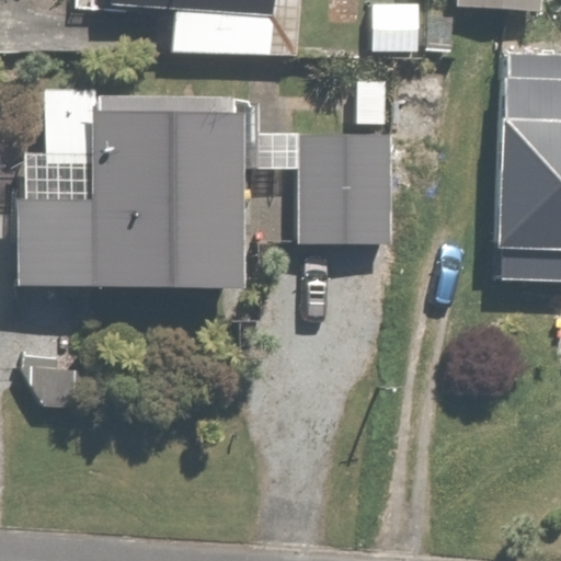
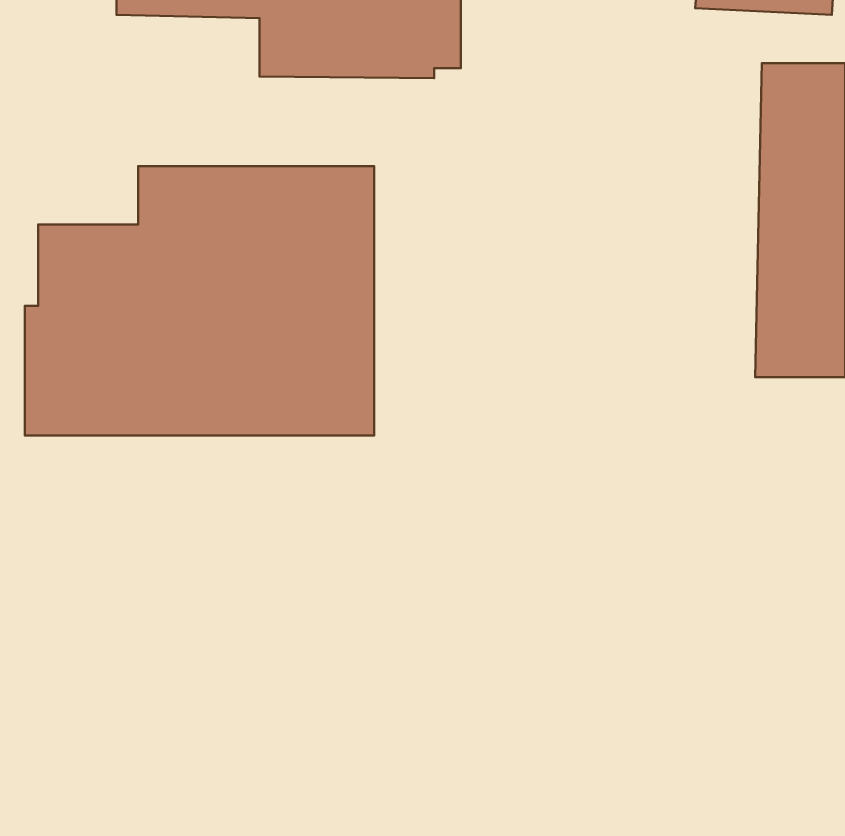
building: [304,126,392,238] -> none

